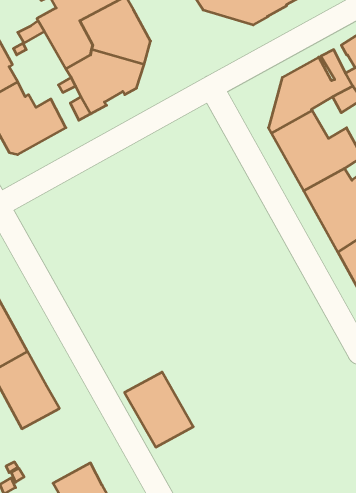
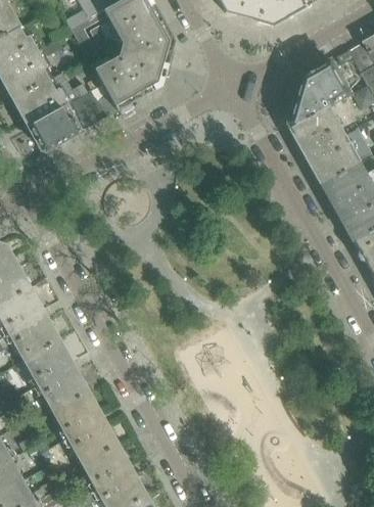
building: [125,372,193,447] -> [52,391,118,463]

